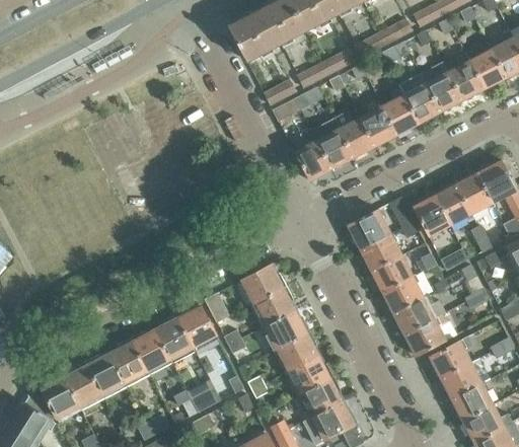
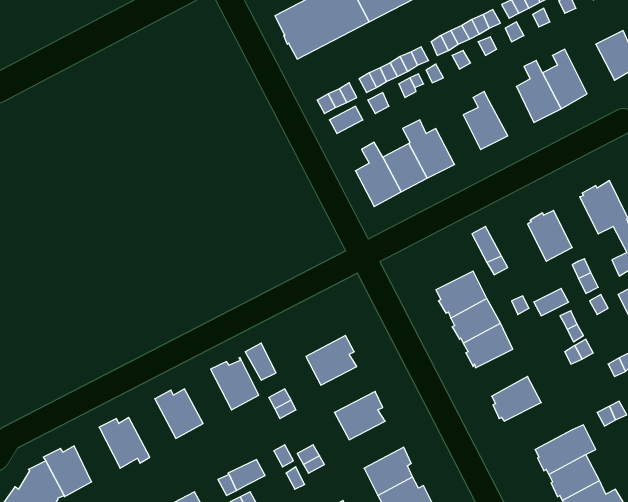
building: [469,41,506,88] -> none
building: [403,82,440,123] -> none
building: [360,105,396,146] -> none
building: [456,172,493,214] -> none
building: [413,195,450,236] -> none
building: [348,209,390,248] -> none
building: [241,265,286,303] -> none
building: [392,297,435,336] -> none
building: [266,311,310,349] -> none
building: [154,313,193,358] -> none
building: [108,338,147,387] -> none
building: [429,340,471,379] -> none
building: [289,356,333,394] -> none
building: [64,361,101,405] -> none

